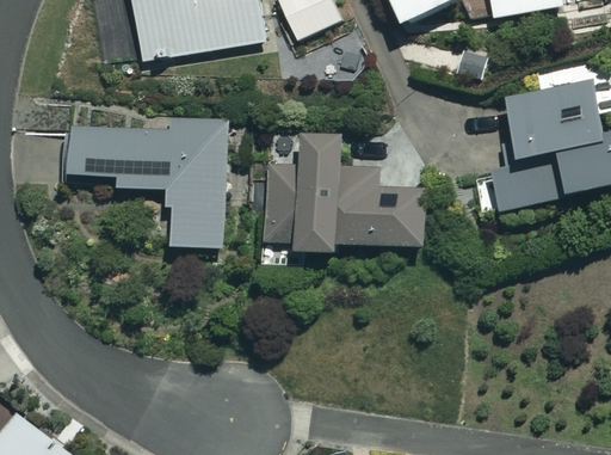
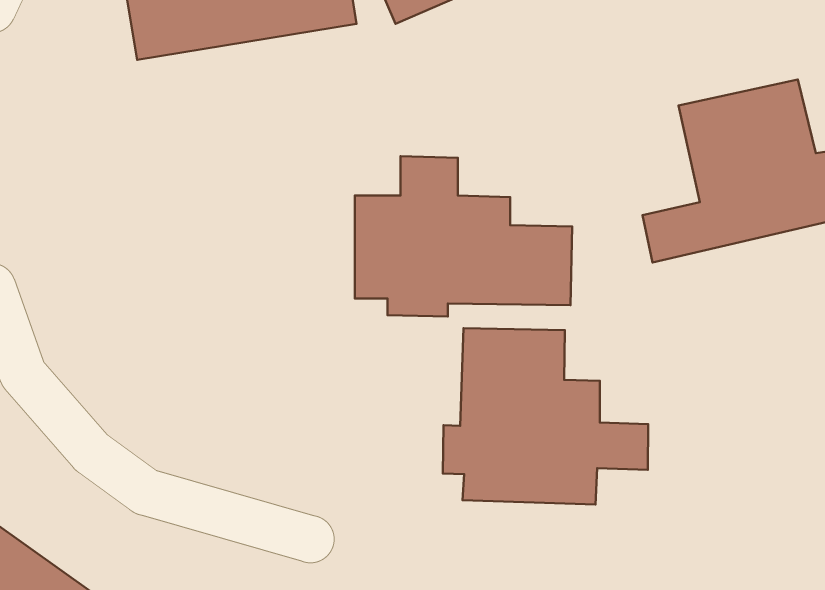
building: [70,118,229,247] -> none
building: none -> [443,328,648,505]

